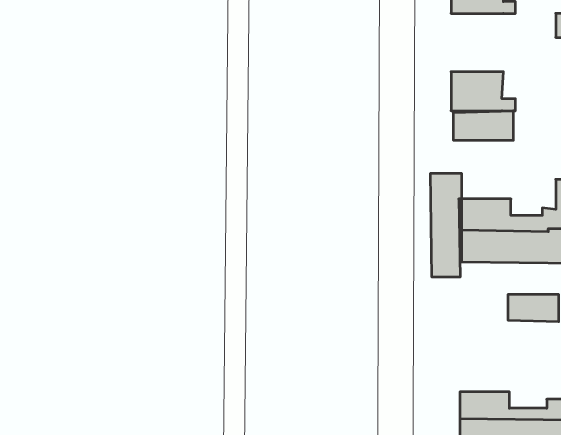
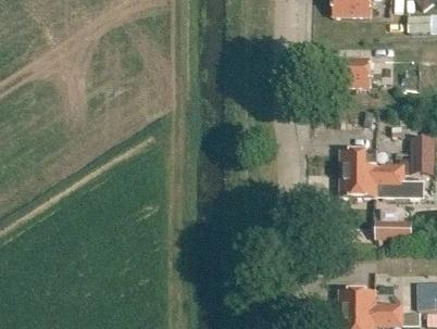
building: [454,111,513,140] -> none
building: [431,173,461,277] -> none

